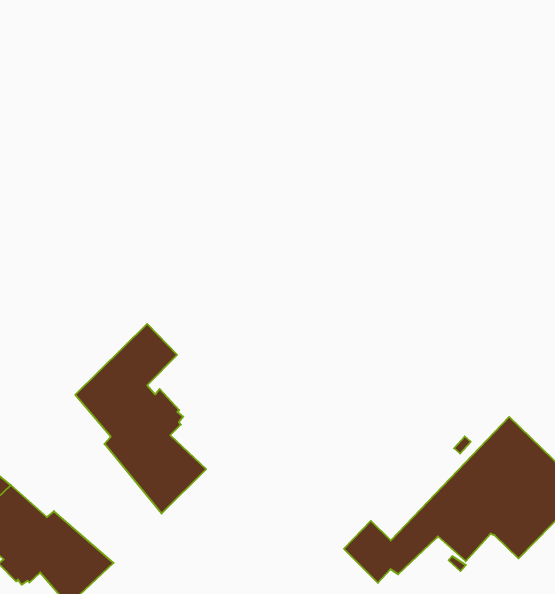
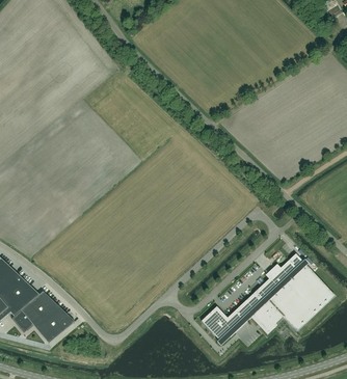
building: [75,324,206,514] -> none

